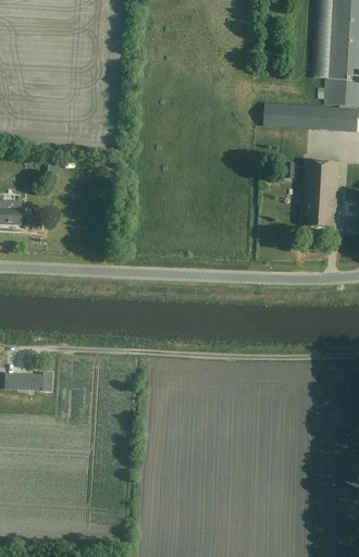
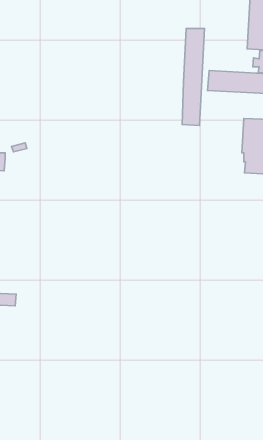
building: none -> [182,28,205,126]

